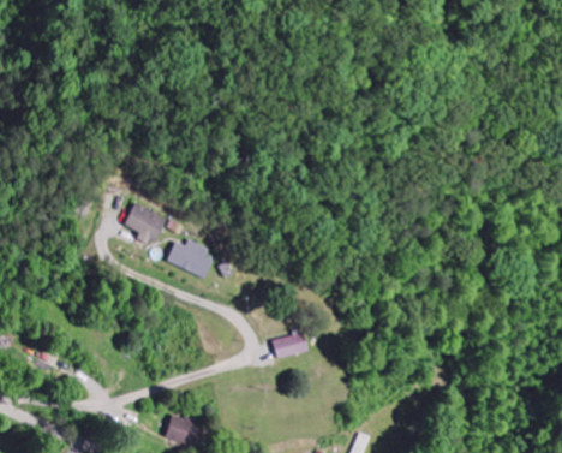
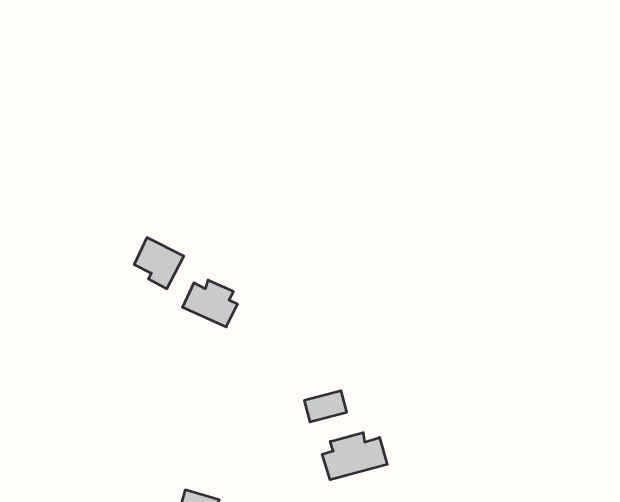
building: none -> [322,433,387,480]

